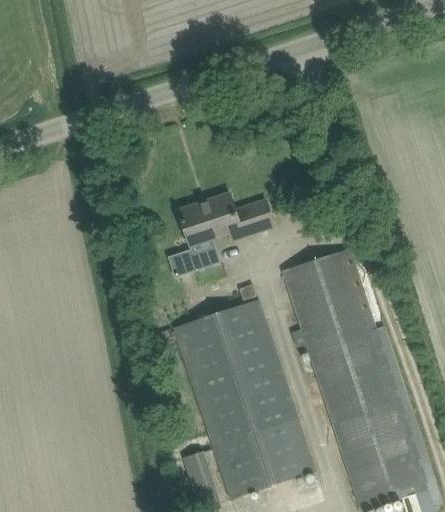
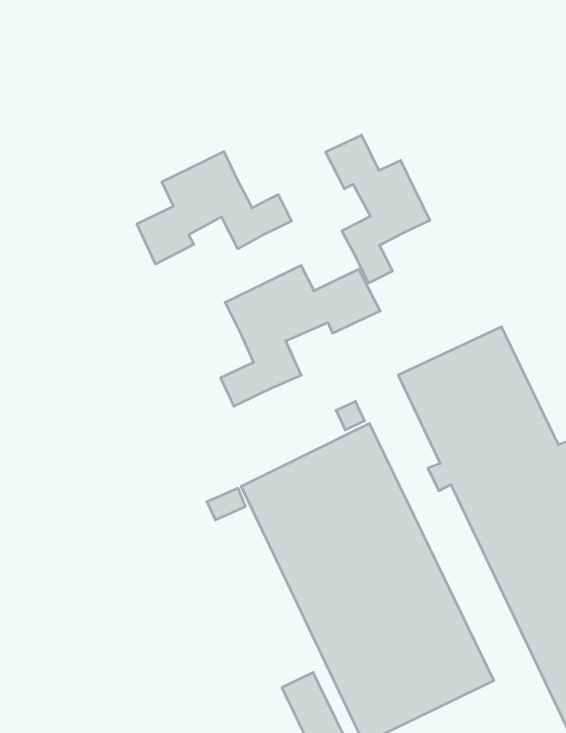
building: none -> [137,152,292,264]
building: none -> [326,135,430,283]

